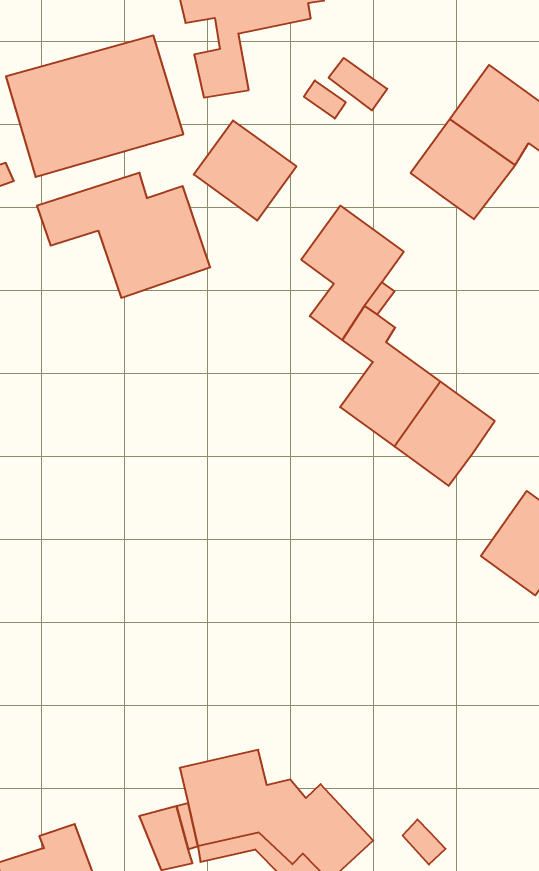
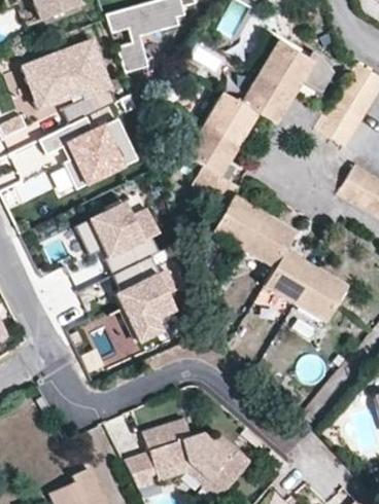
building: [194,120,296,221] -> [203,93,257,145]
building: none -> [93,201,164,272]
building: none -> [264,250,316,304]
building: none -> [123,271,184,347]

